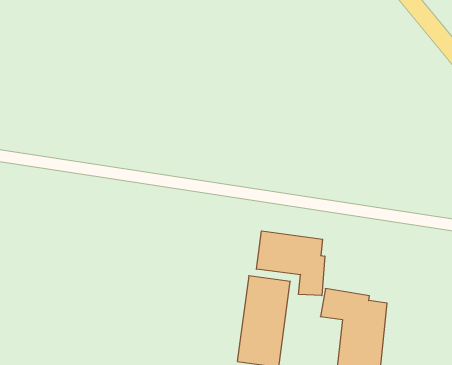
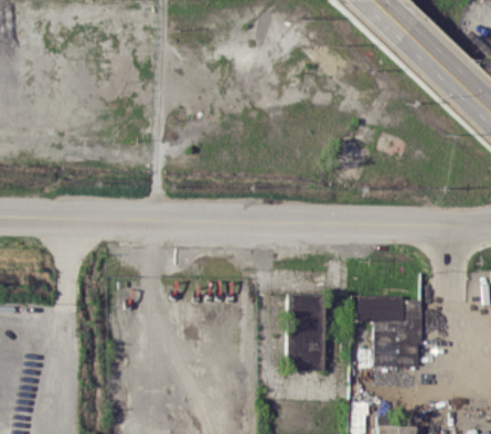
building: [256,231,325,296] -> none

